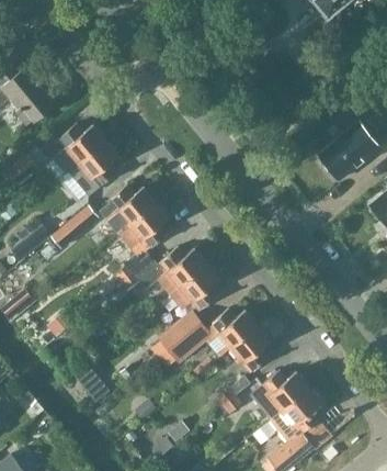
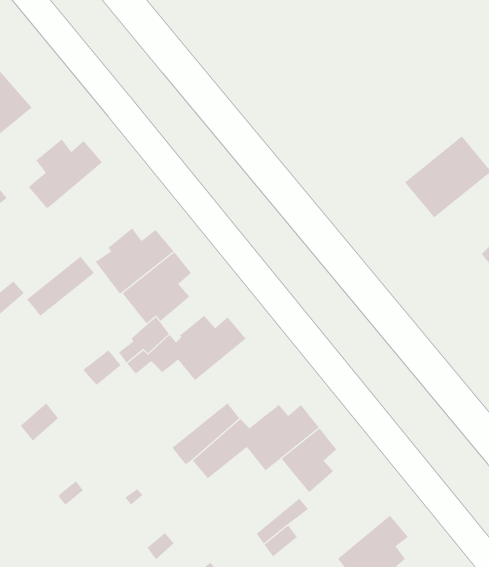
building: [68,141,118,195] -> none
building: [170,265,219,312] -> none
building: [250,371,307,419] -> none

